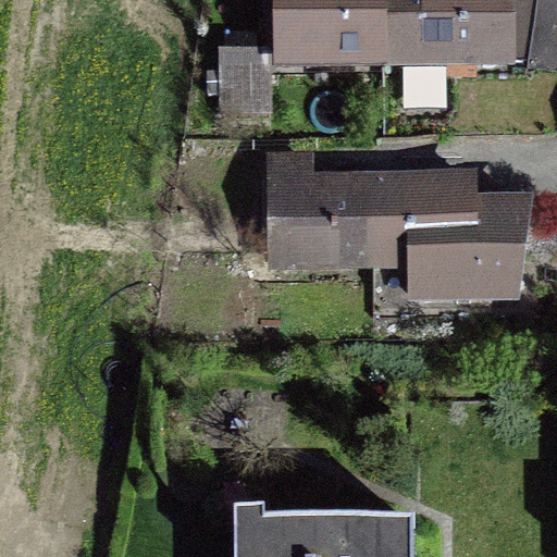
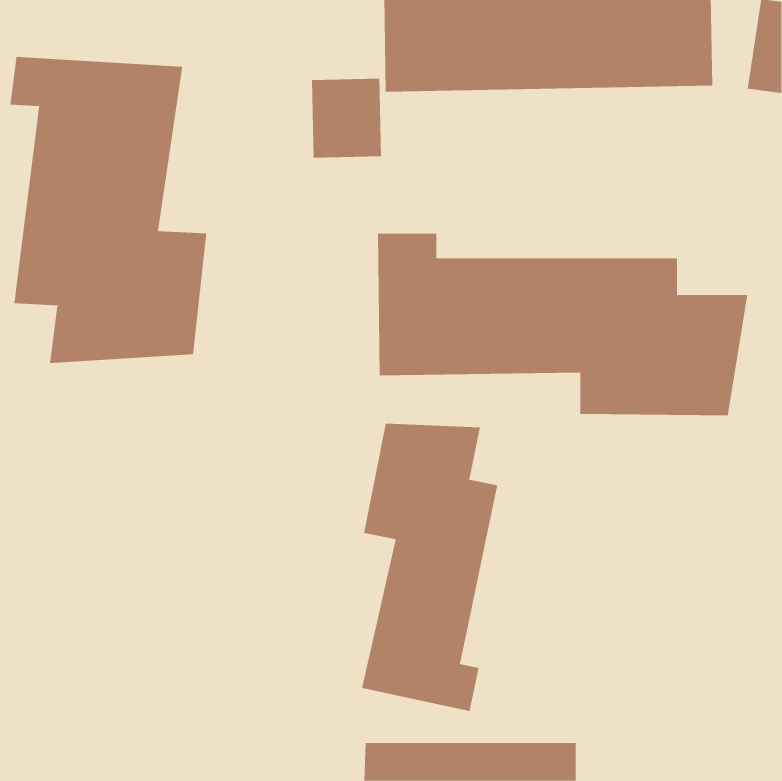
building: none -> [10,56,207,364]
building: none -> [362,423,498,712]

